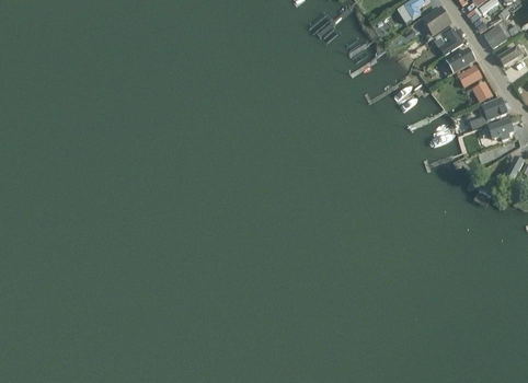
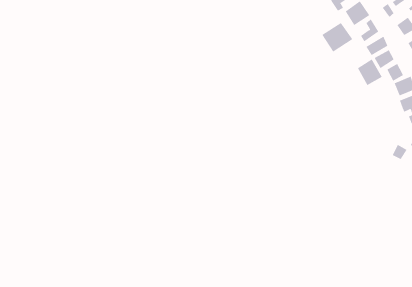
building: none -> [321,22,353,53]
building: none -> [357,59,382,86]

